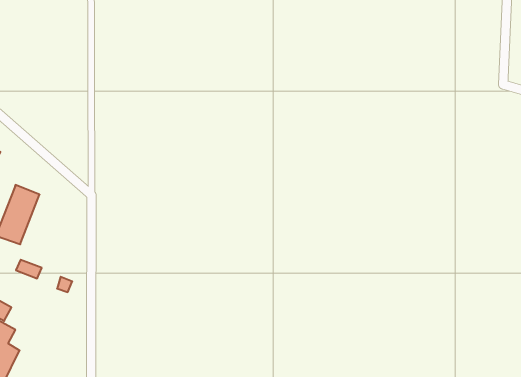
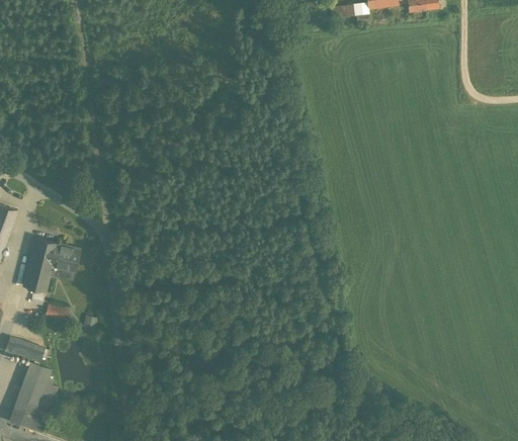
building: none -> [50,243,80,280]

